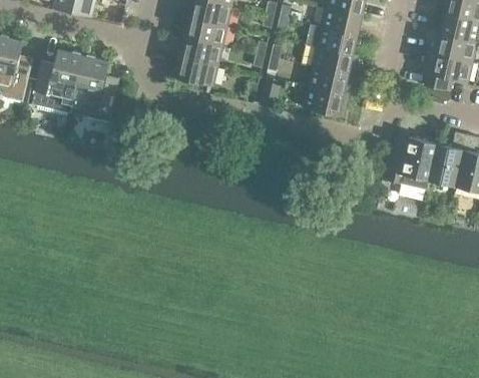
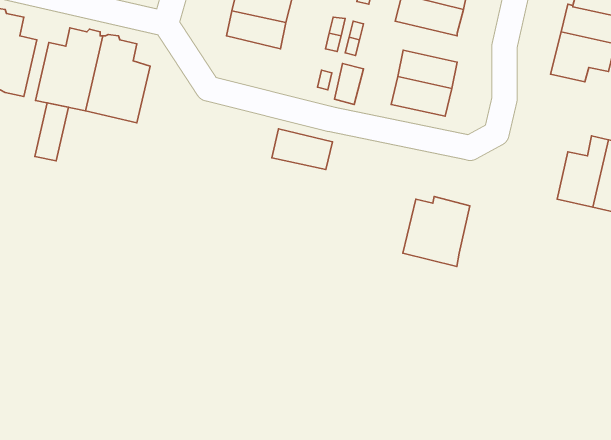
building: [302,44,358,75] -> none
building: [172,55,218,86] -> [272,129,333,170]
building: none -> [35,103,68,161]
building: [386,136,437,190] -> [403,196,470,266]

